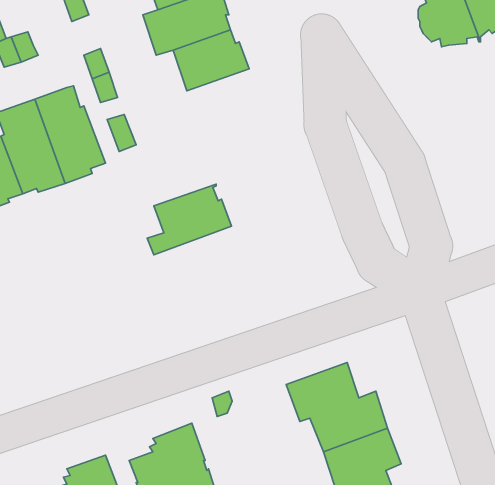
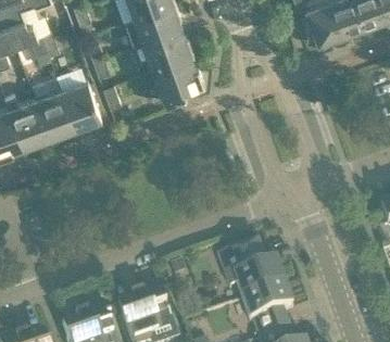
building: [147,184,232,255] -> [150,54,204,100]

